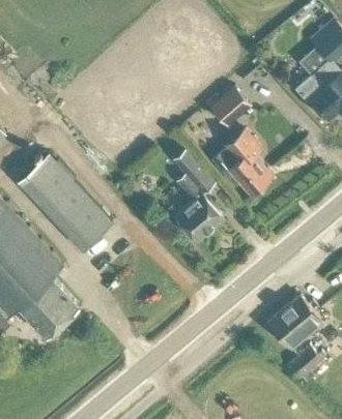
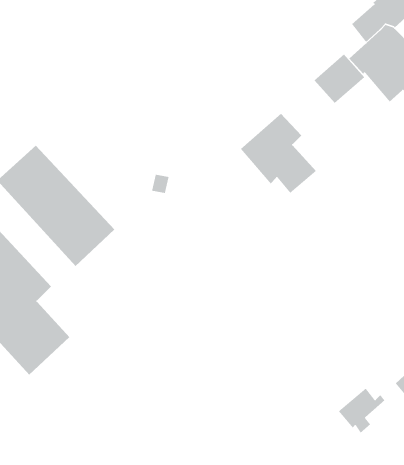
building: [209,87,250,126] -> [313,53,365,104]
building: [173,148,223,240] -> none
building: [266,296,321,352] -> none

